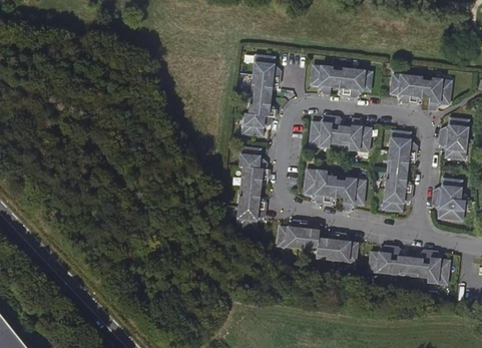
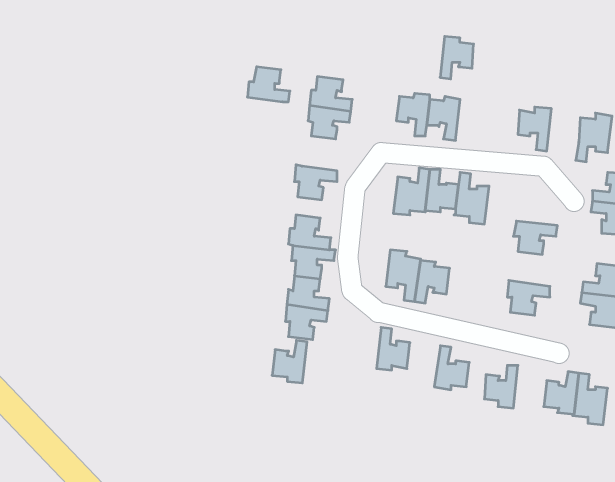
building: [349,70,371,98] -> [440,36,474,79]
building: [409,76,431,105] -> none
building: [248,94,276,117] -> [247,67,290,102]
building: [389,130,417,153] -> none
building: [384,170,412,194] -> none
building: [341,180,366,212] -> none
building: [277,220,300,248] -> [272,340,307,383]
building: [316,232,339,260] -> none
building: [387,246,409,275] -> none

